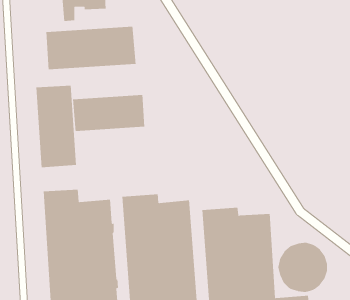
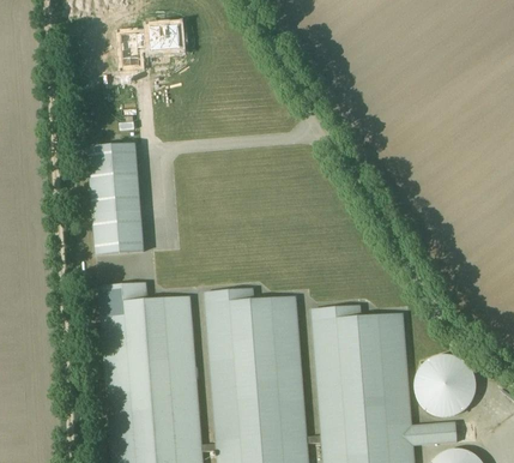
building: [46,26,136,70] -> none
building: [72,94,145,132] -> none

